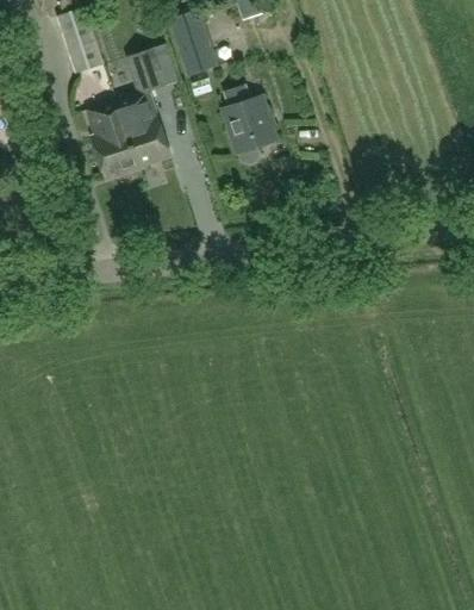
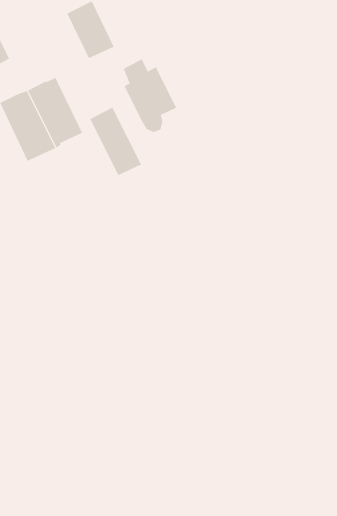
building: [129,58,166,95] -> none
building: none -> [90,107,142,176]

